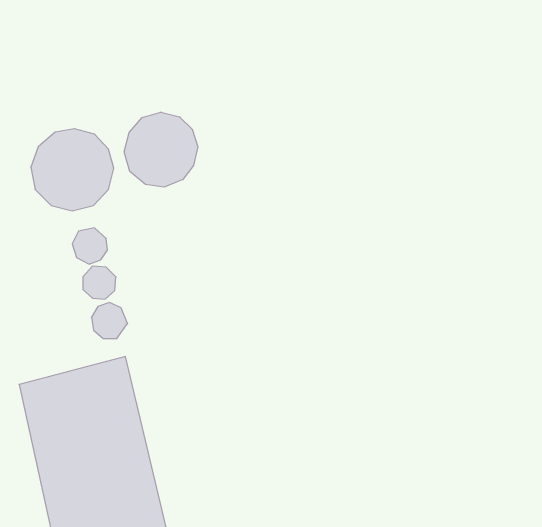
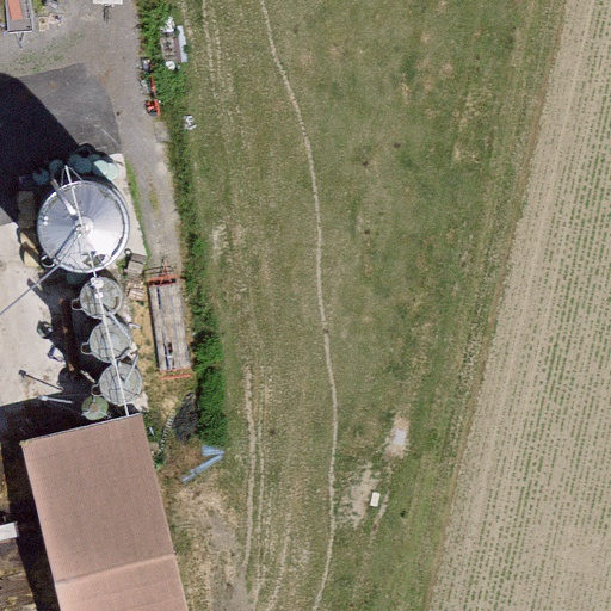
building: [124,112,198,187] -> none

